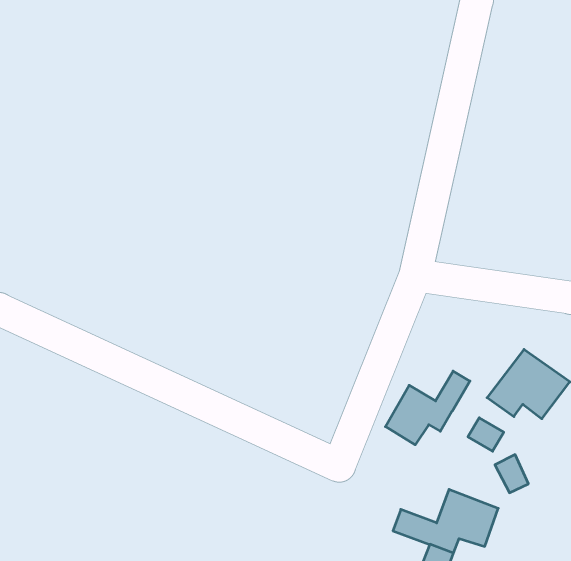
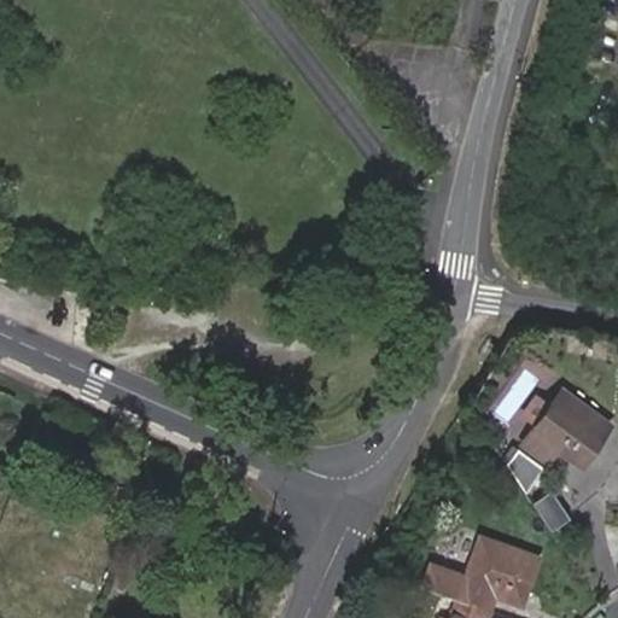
building: [385,371,470,445] -> none

